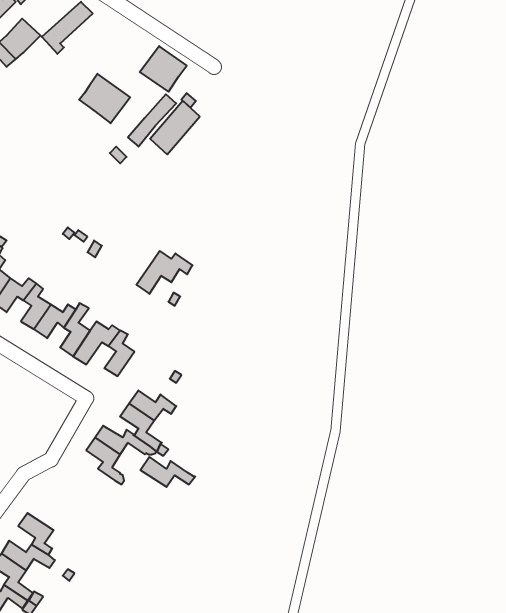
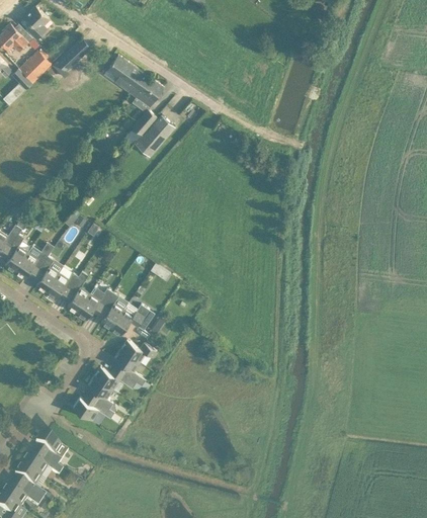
building: [79,74,130,123] -> [102,54,142,92]
building: [136,251,193,294] -> [109,301,153,335]
building: [140,457,195,487] -> [71,397,113,420]

